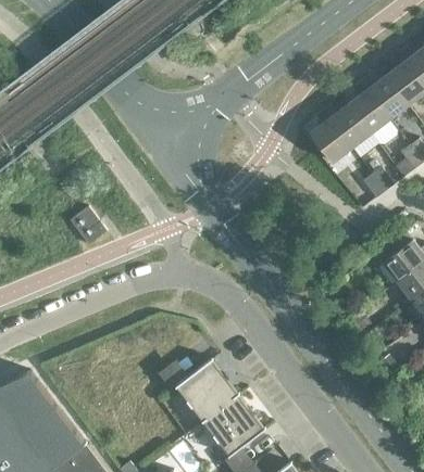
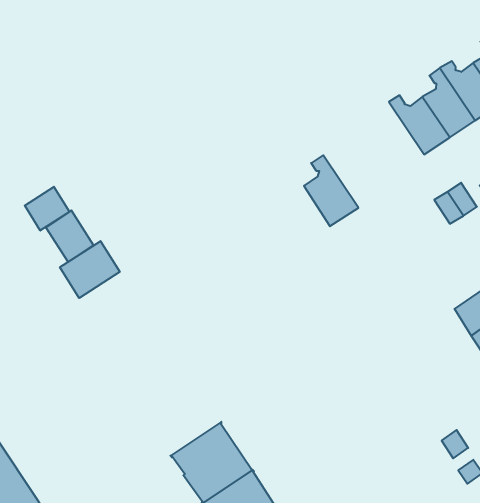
building: [310,110,352,163] -> [304,155,358,226]
building: none -> [25,187,69,231]
building: none -> [60,241,120,298]

